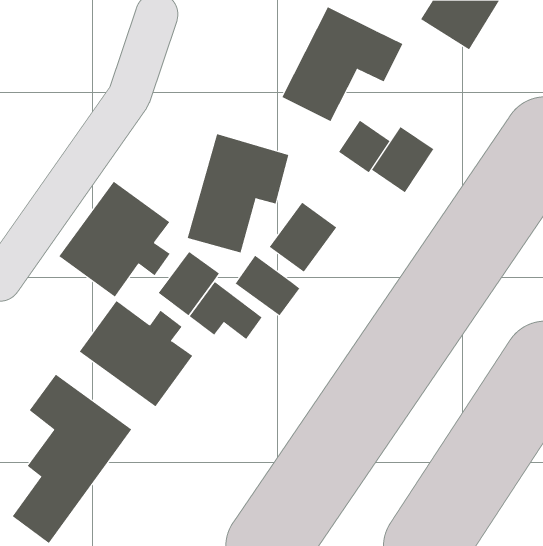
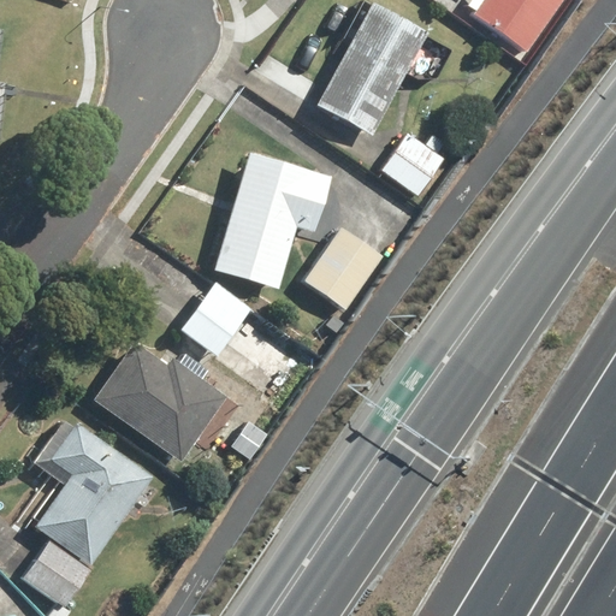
building: [371,126,434,193] -> none
building: [59,181,170,297] -> none
building: [235,255,300,316] -> none

